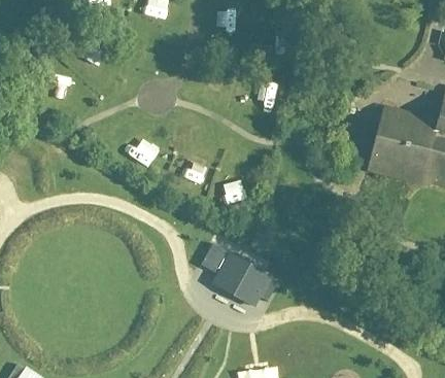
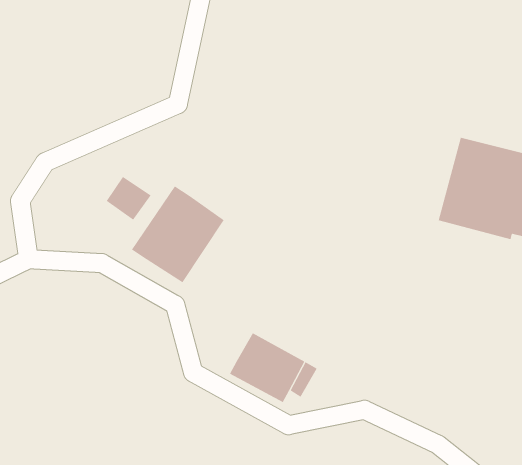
building: none -> [131,186,225,283]
building: [201,242,232,274] -> none

